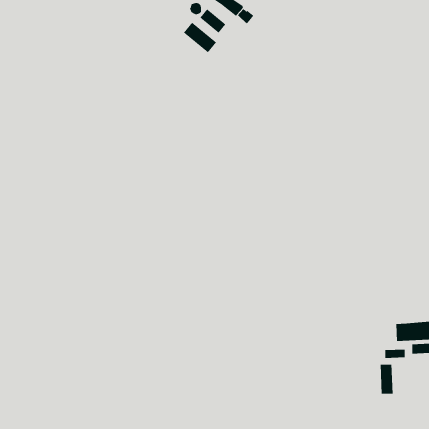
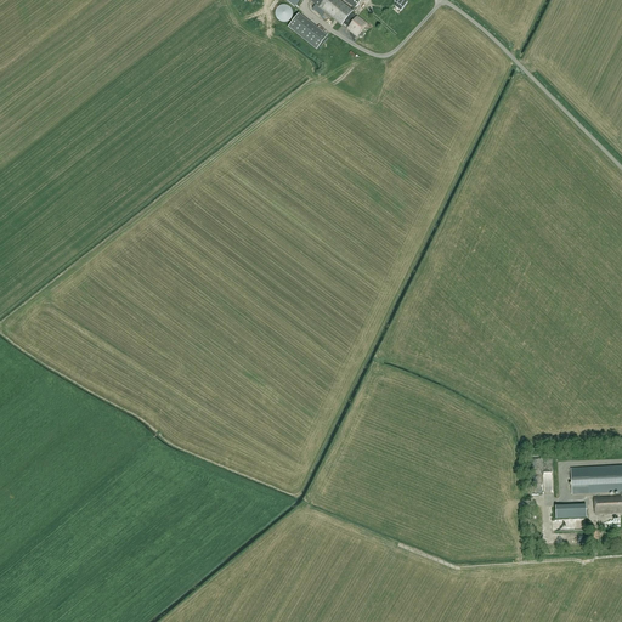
building: [183,22,217,53] -> none
building: [380,364,393,394] -> none

